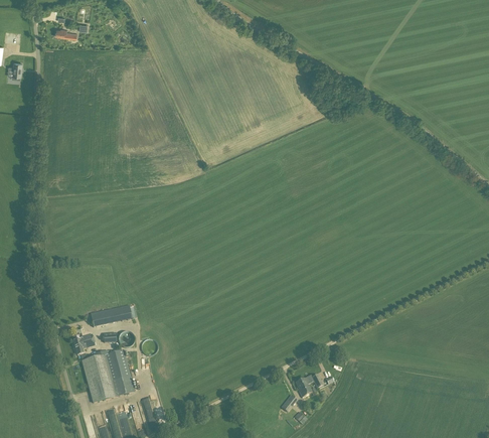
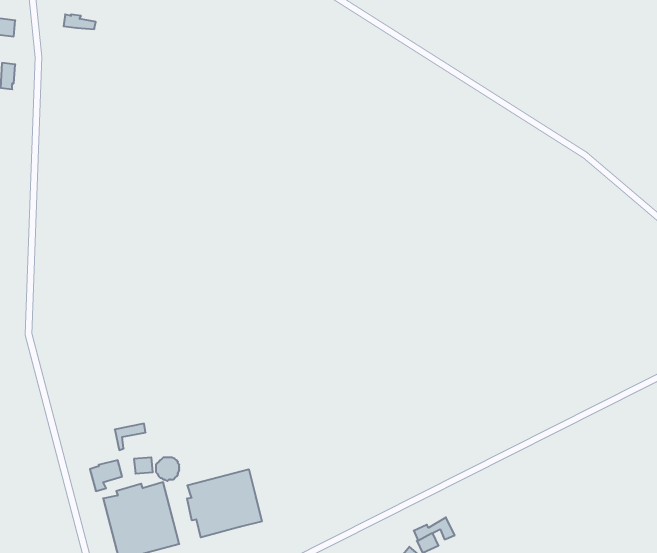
building: none -> [187,469,262,537]

